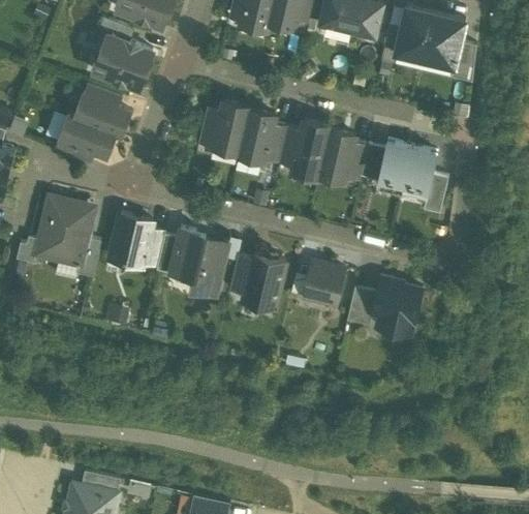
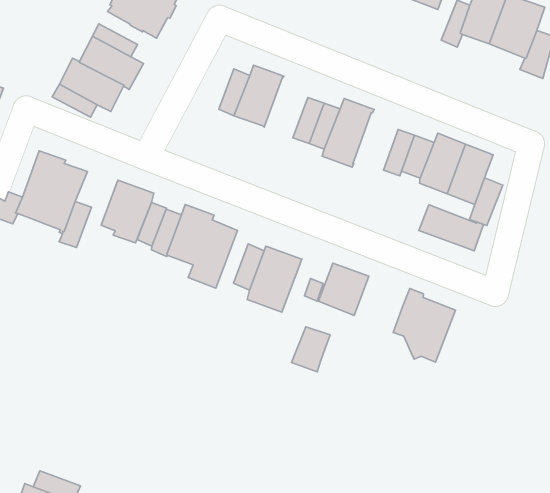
building: [237,110,275,161] -> none
building: [318,130,355,182] -> none
building: none -> [419,205,484,251]
building: [346,289,376,326] -> [292,327,330,372]

